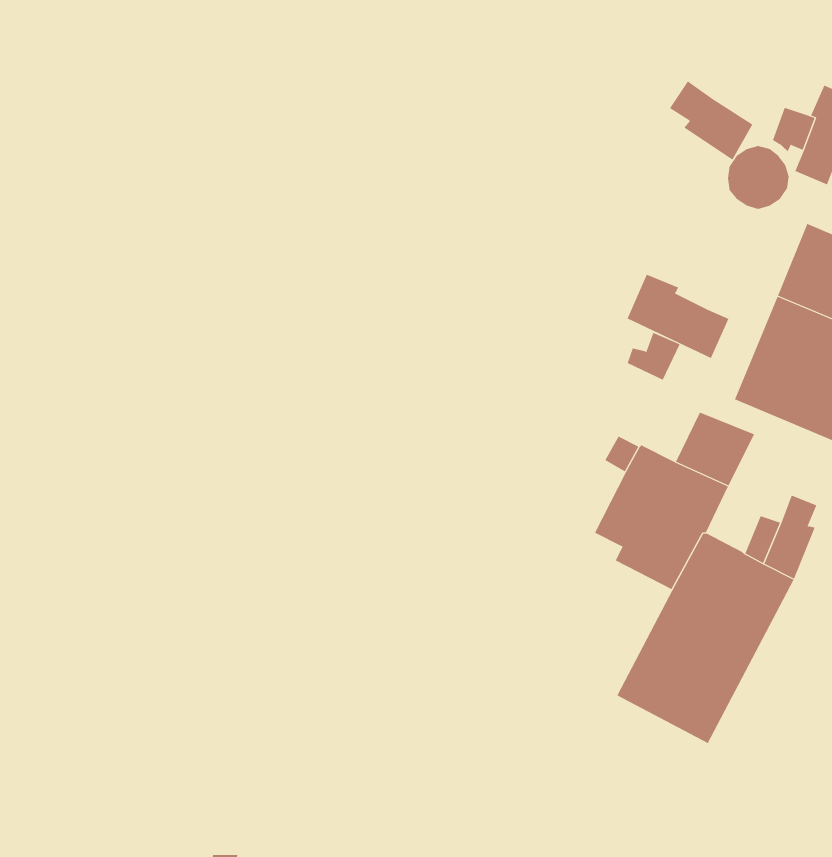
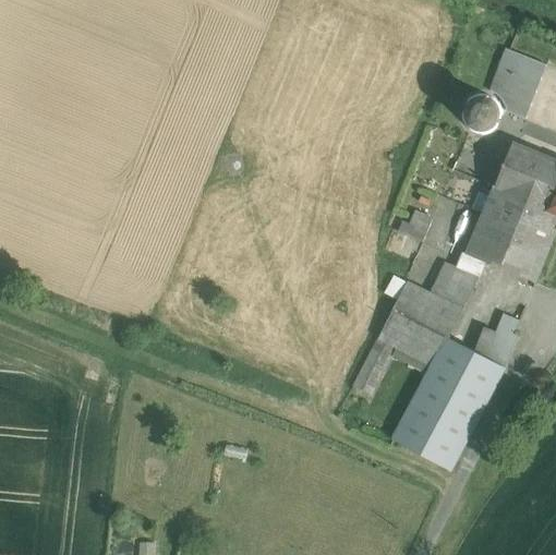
building: [669,81,753,161] -> none
building: [627,274,729,359] -> none
building: none -> [352,337,395,394]

